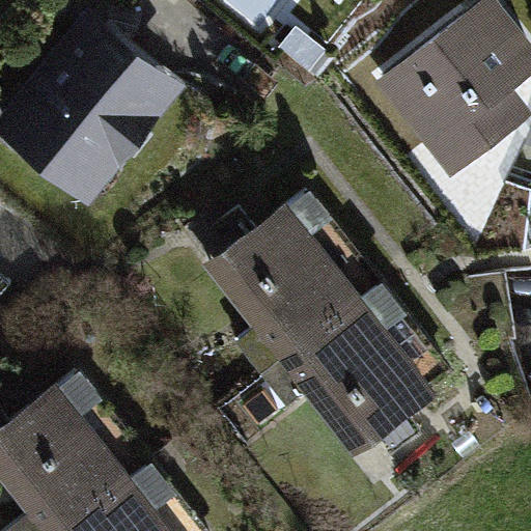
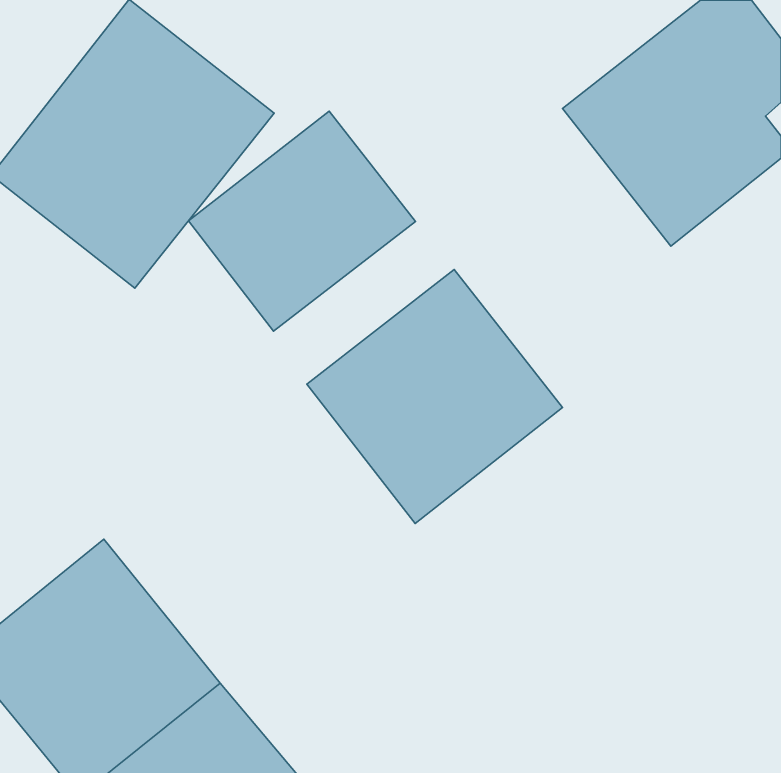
building: none -> [189,111,416,331]
building: [278,285,449,455] -> none

